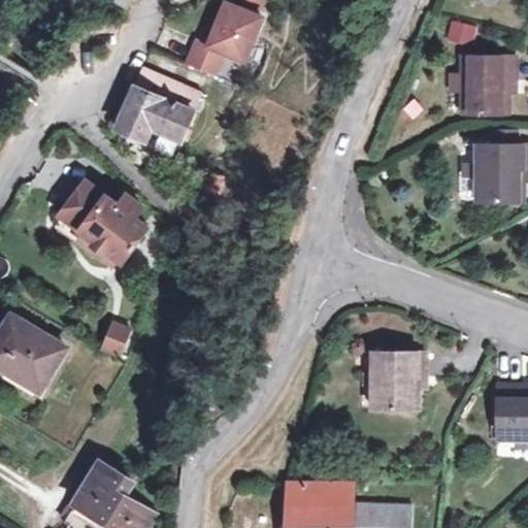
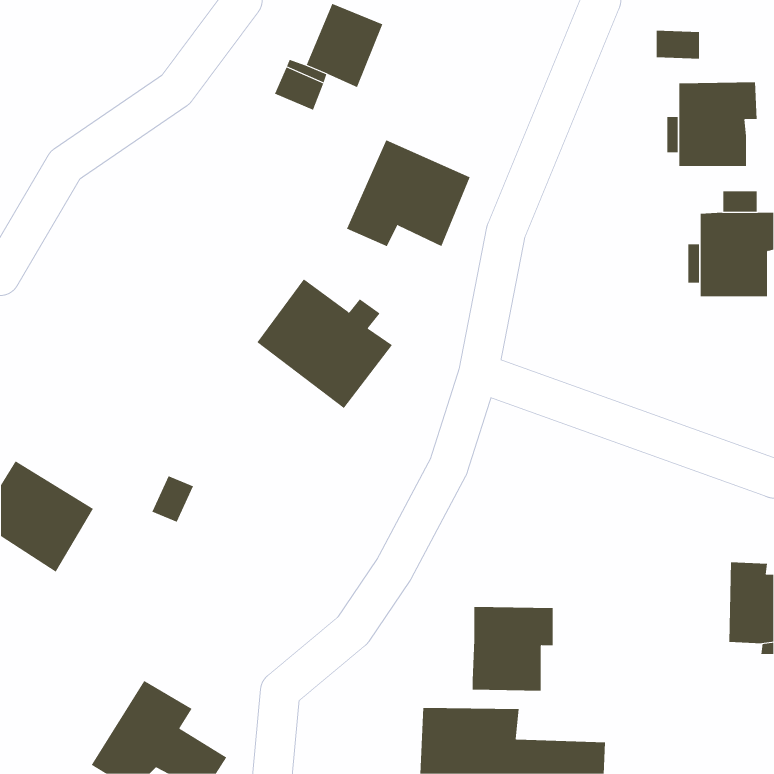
building: [116,66,200,139] -> [346,139,470,247]
building: [55,179,147,268] -> [256,279,393,409]
building: [370,351,426,408] -> [472,606,554,691]

